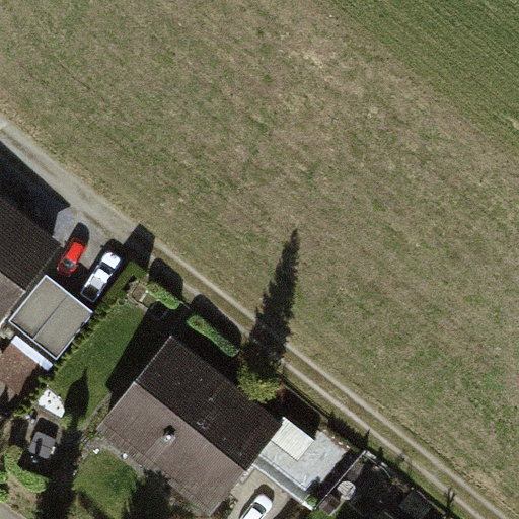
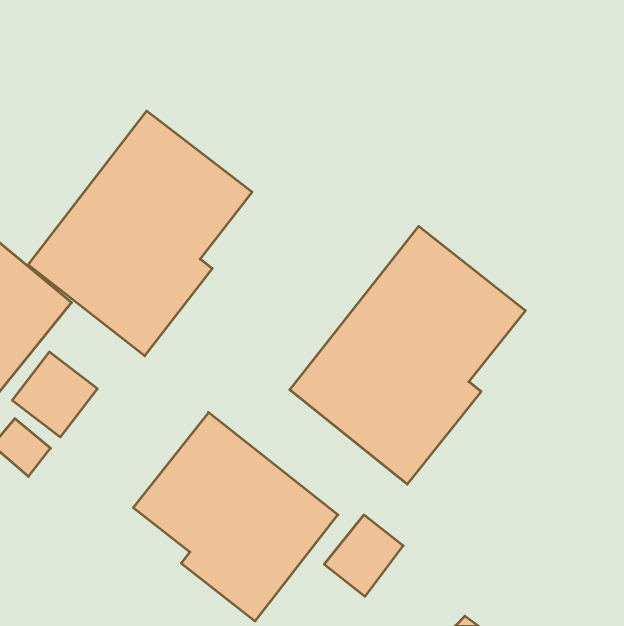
building: none -> [28,111,252,356]
building: none -> [290,226,525,484]

